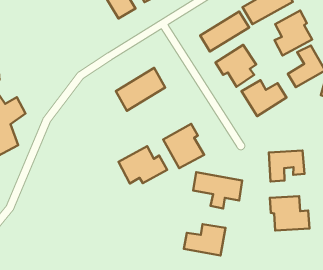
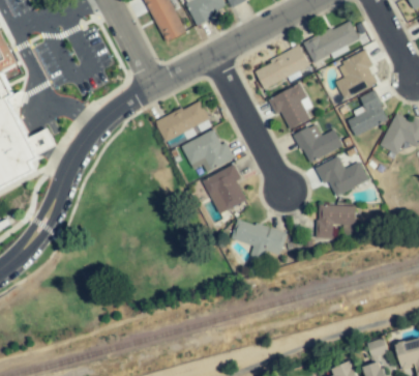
building: none -> [316,157,368,196]
building: [118,146,167,183] -> [181,131,234,171]
building: [270,196,310,231] -> none
building: [184,224,225,256] -> none

